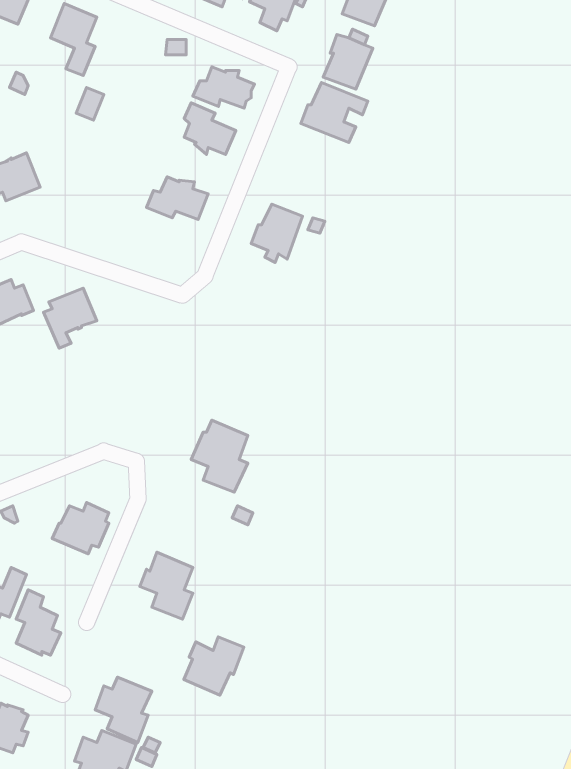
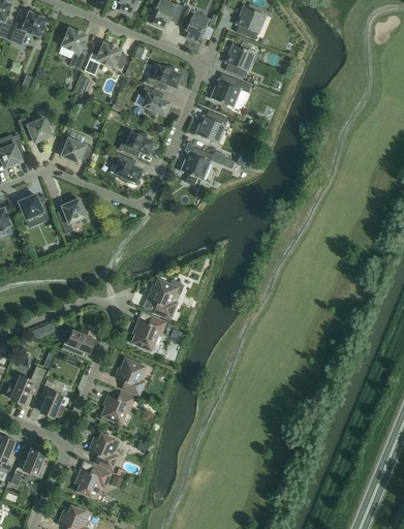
building: none -> [84,40,127,75]
building: none -> [195,110,227,143]
building: none -> [59,136,93,164]
building: none -> [113,153,144,184]
building: none -> [129,315,166,352]
building: [184,637,244,695] -> [99,391,135,426]

